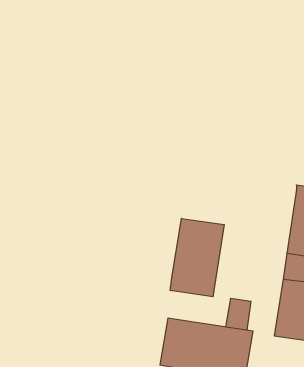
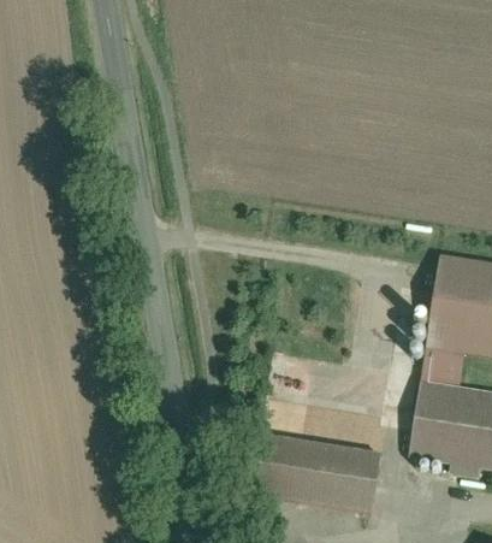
building: [170,218,224,297] -> none
building: [226,298,251,330] -> none

